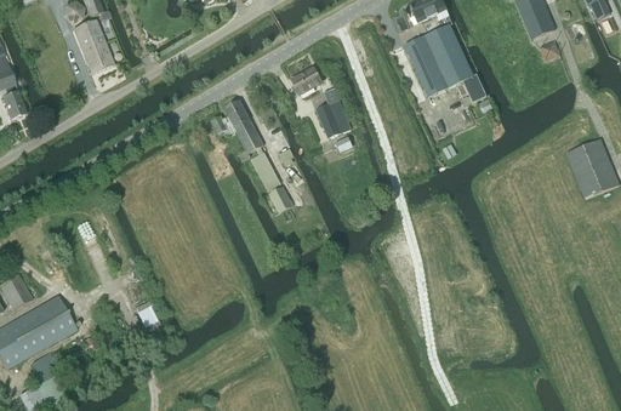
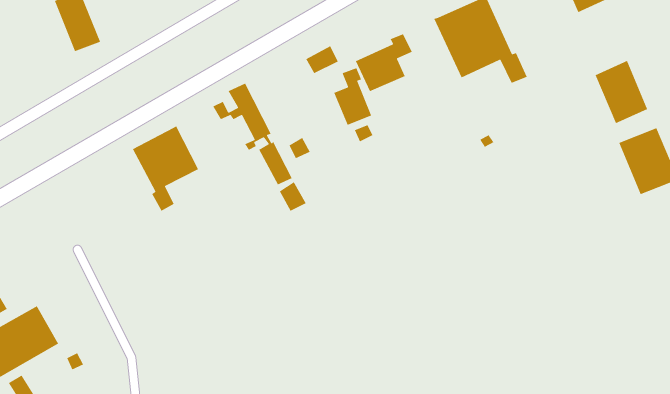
building: none -> [355,33,413,92]
building: none -> [595,60,648,124]
building: none -> [132,125,199,212]

